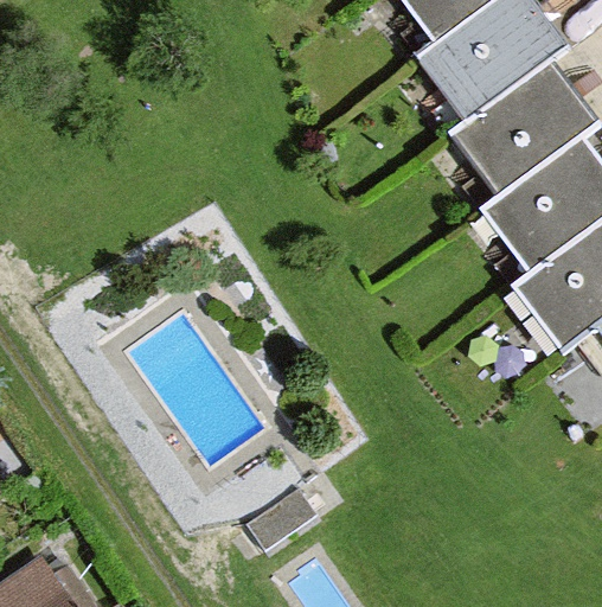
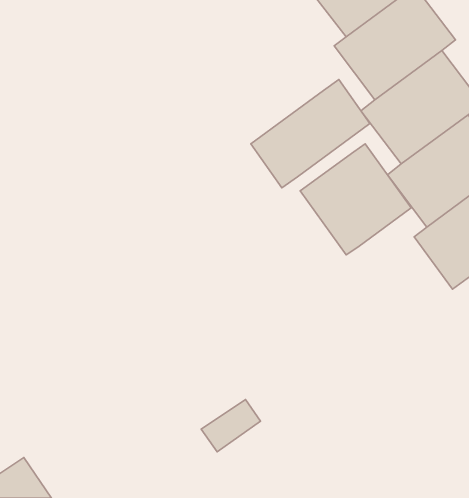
building: none -> [251,80,370,188]
building: none -> [300,144,411,255]

